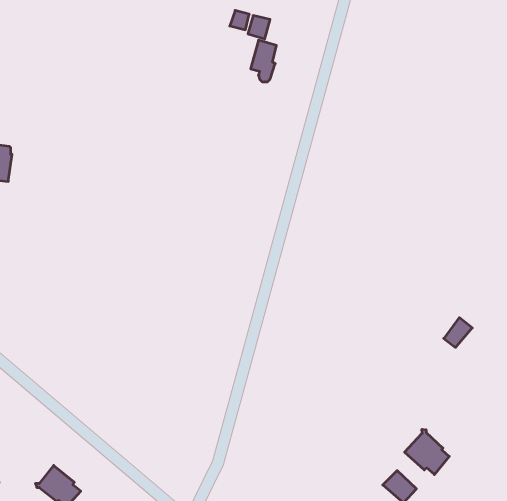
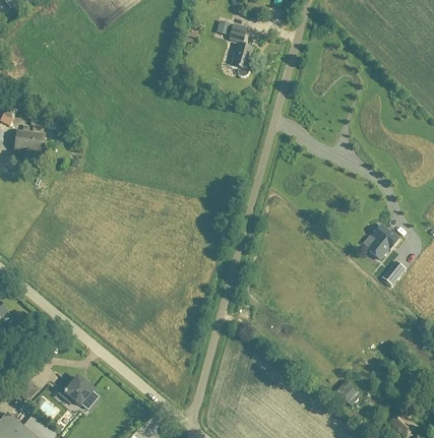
building: none -> [368,225,398,259]
building: [405,429,449,475] -> none

